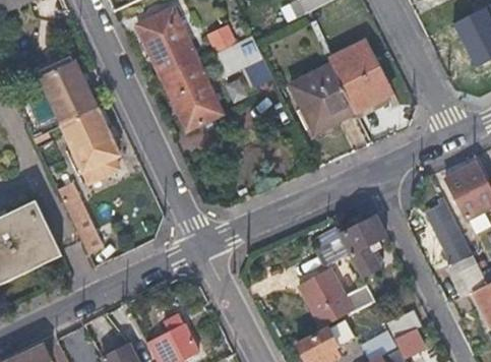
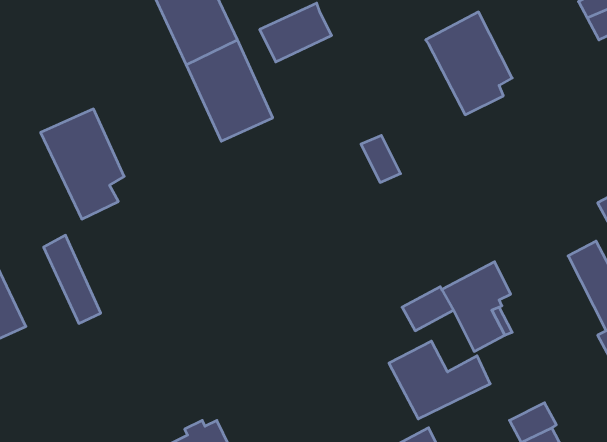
building: [39,62,98,125] -> none
building: [290,64,355,133] -> none

